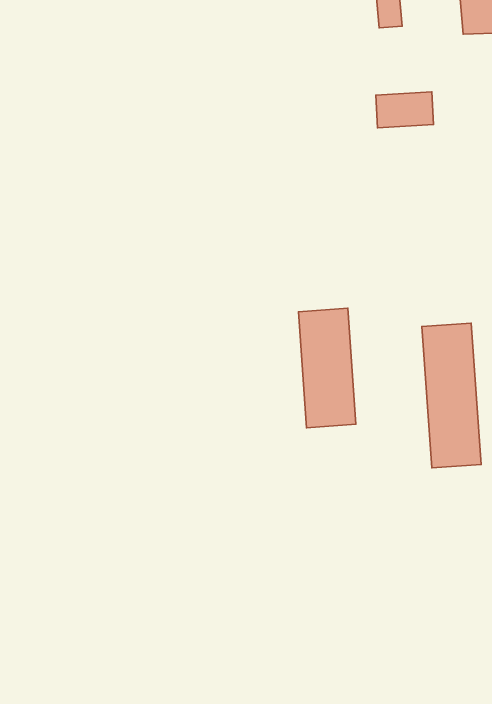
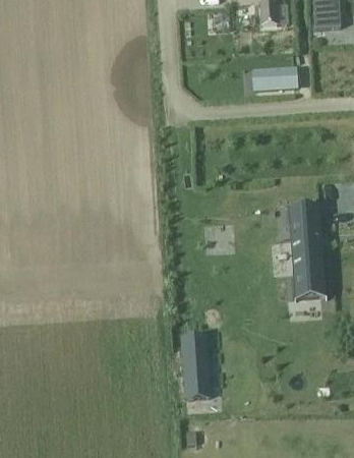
building: [298,308,356,428] -> none
building: none -> [179,333,210,399]

